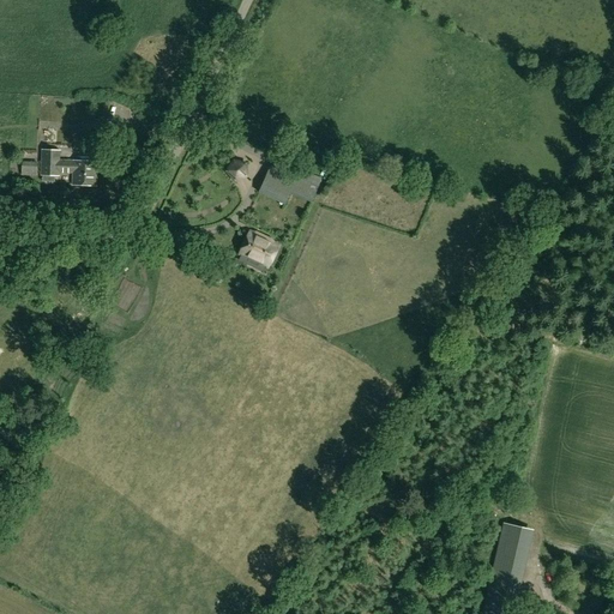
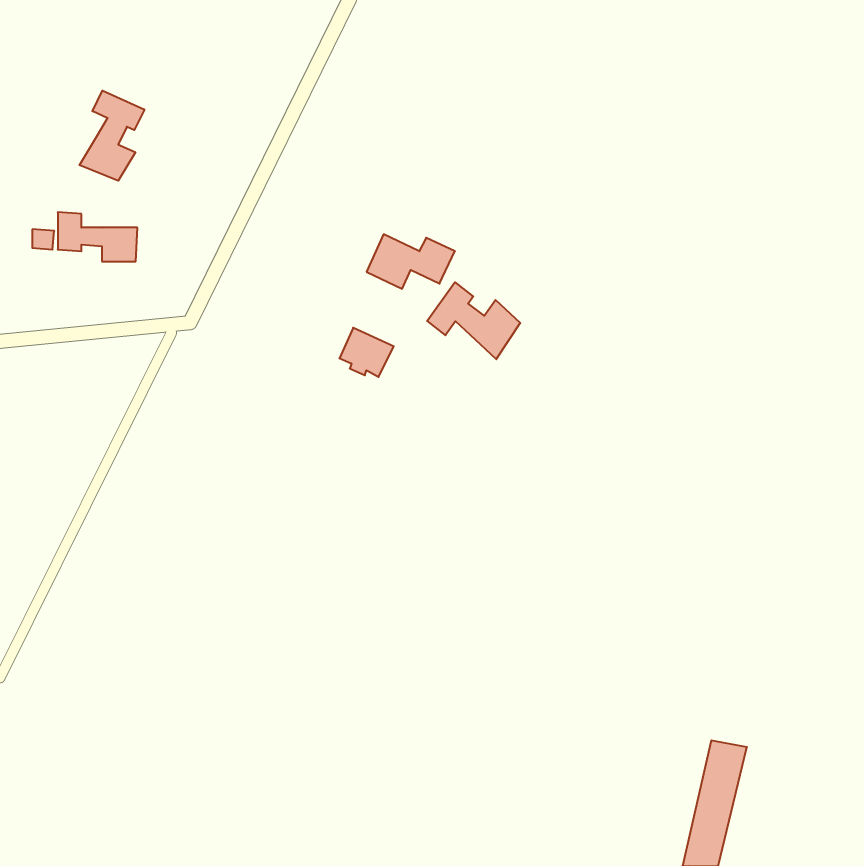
building: none -> [79,91,144,181]
building: none -> [427,282,520,359]

